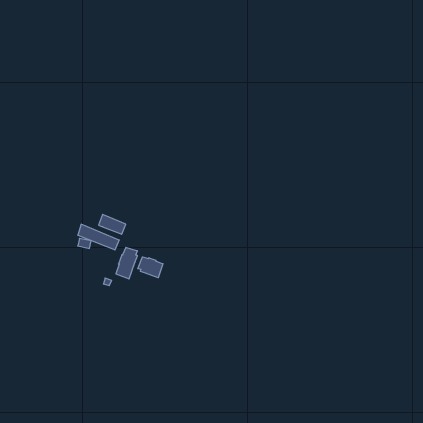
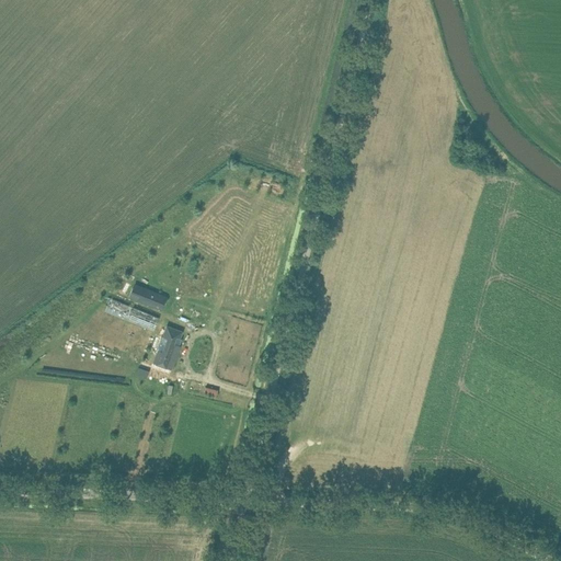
building: [138,257,163,278] -> none

